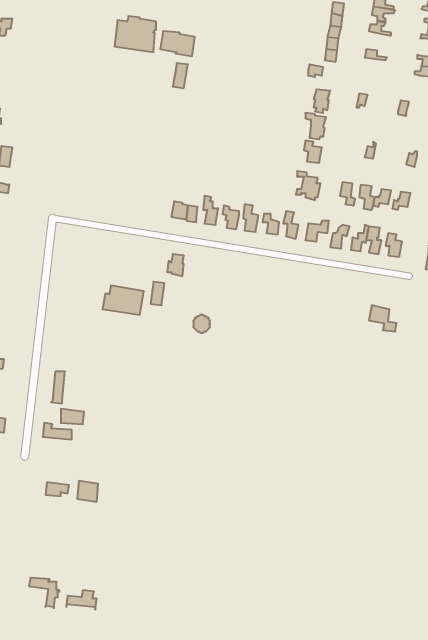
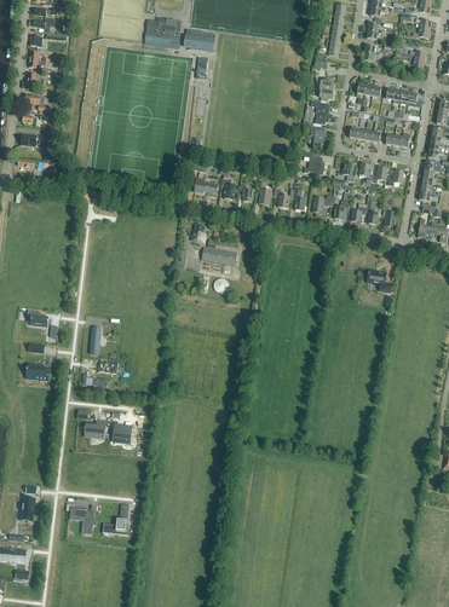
building: [102,286,144,315] -> [202,238,238,264]

